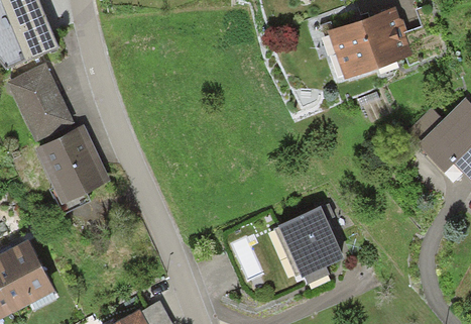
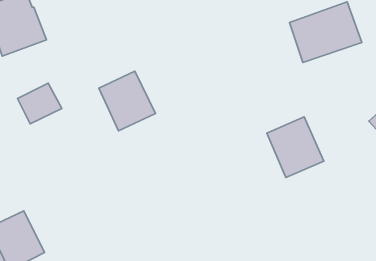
building: [11,74,57,115] -> none
building: [40,136,104,203] -> [99,71,156,131]
building: [274,205,338,273] -> [267,117,324,177]

